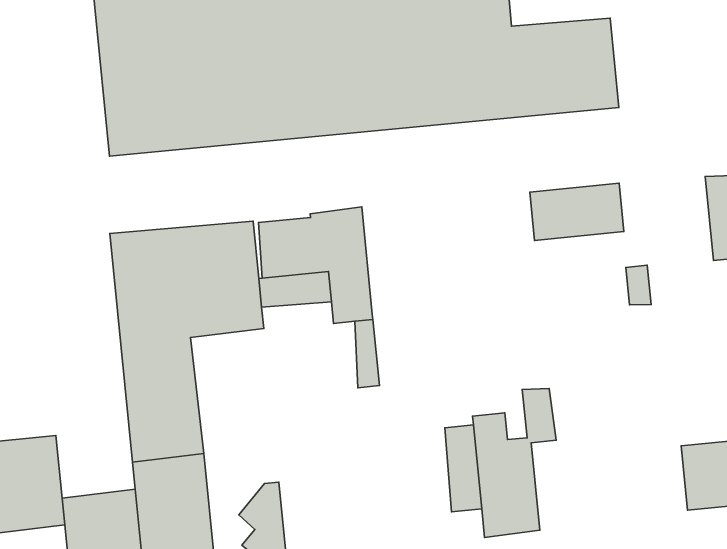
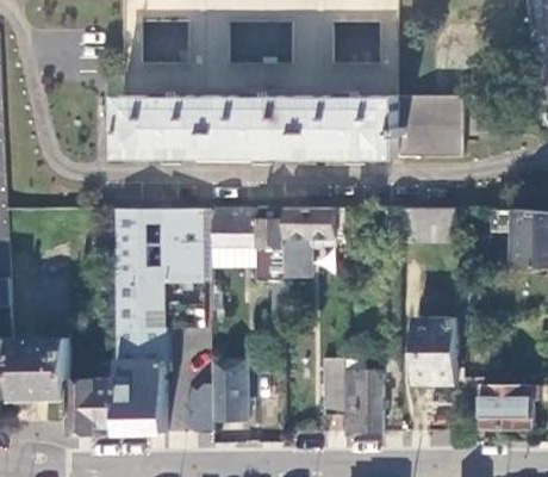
building: none -> [285,207,344,279]
building: none -> [413,318,455,386]
building: none -> [212,363,244,422]

